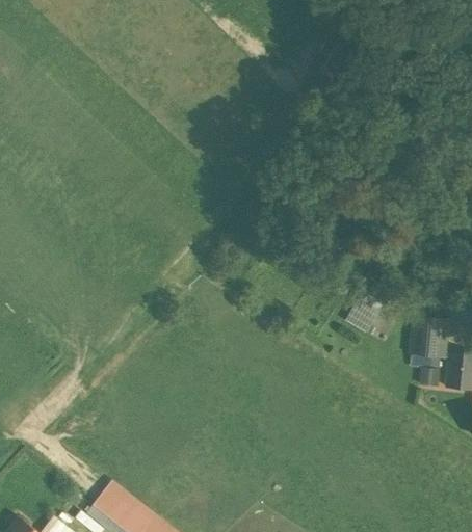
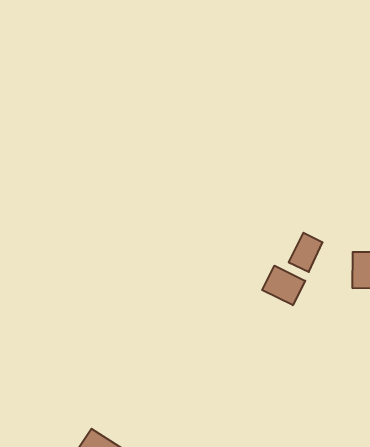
building: none -> [262,266,305,305]

